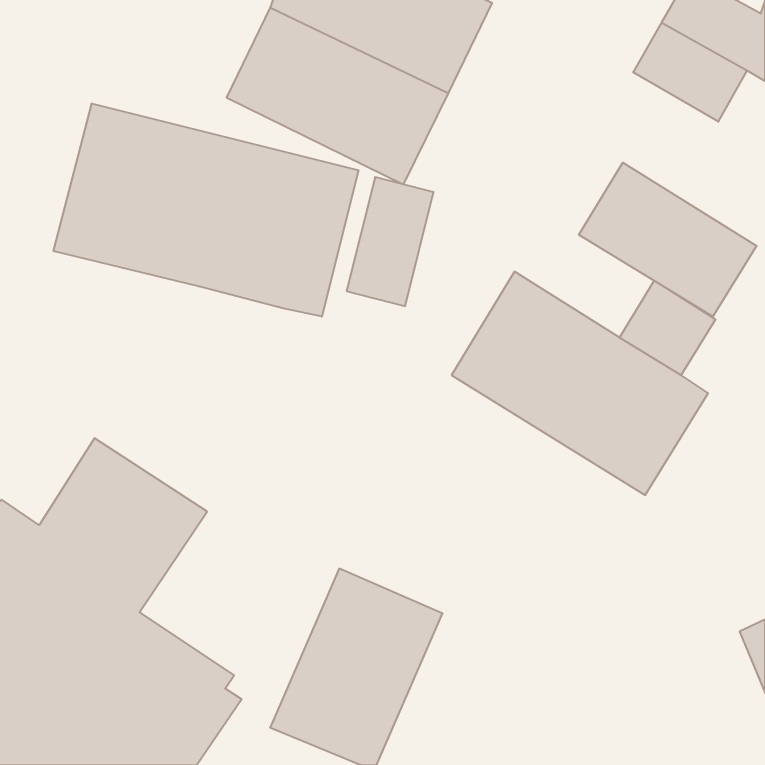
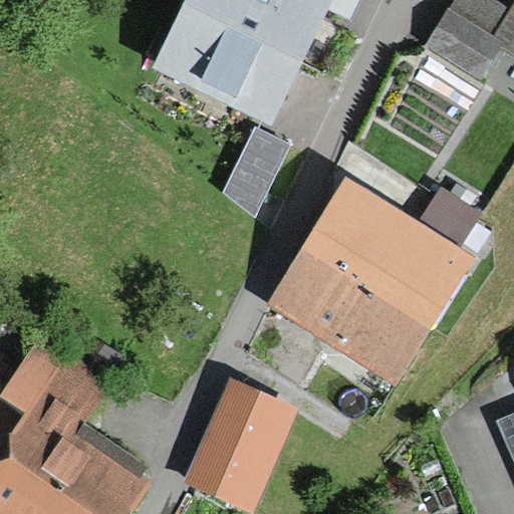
building: [54,103,359,317] -> none
building: [579,163,757,316] -> none
building: none -> [264,251,432,391]

